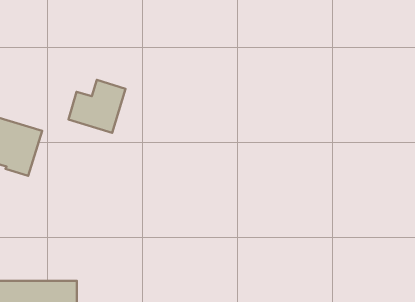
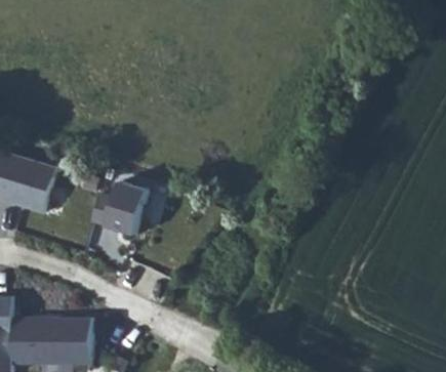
building: [68,80,125,133] -> [90,180,148,234]

